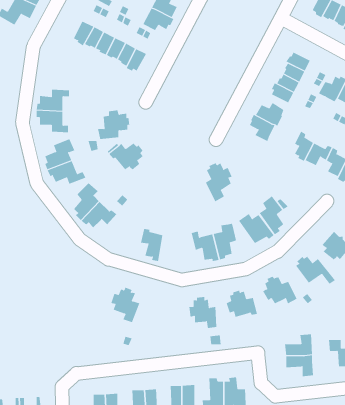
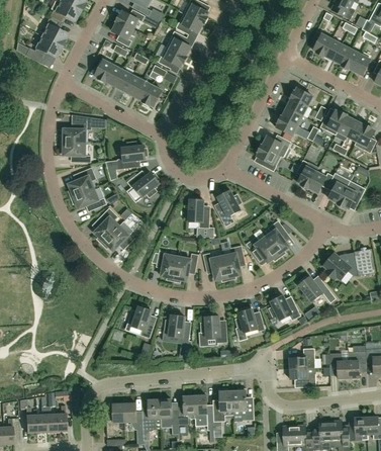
building: none -> [188,197,209,229]
building: none -> [173,254,198,282]
building: none -> [164,312,190,341]

